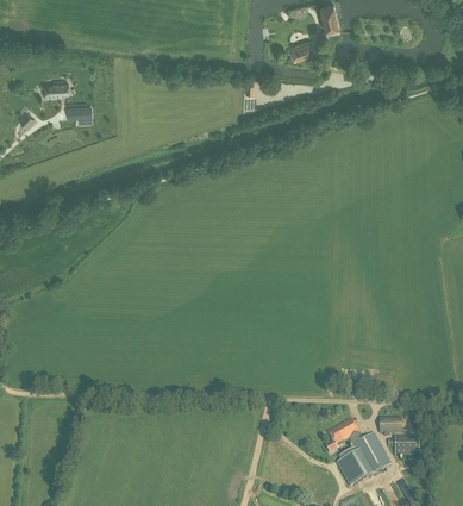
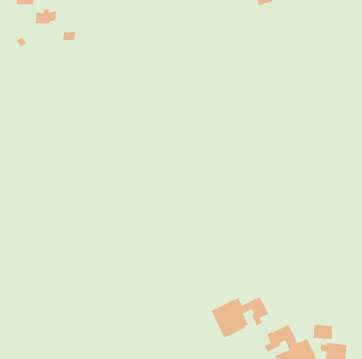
building: none -> [211,296,269,339]

